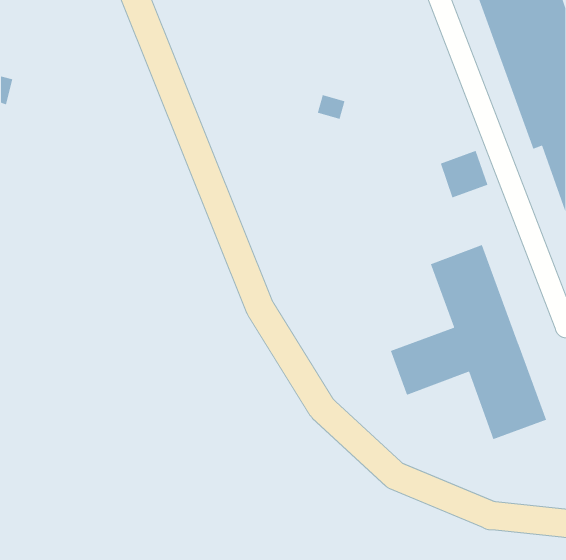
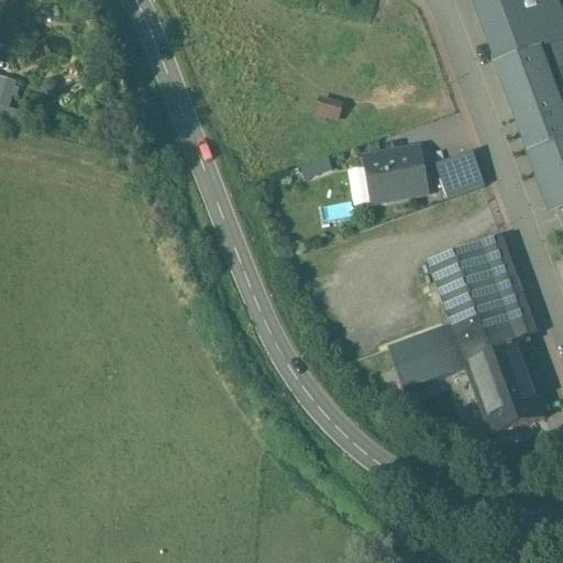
building: none -> [363,143,429,205]
building: none -> [479,235,536,340]

